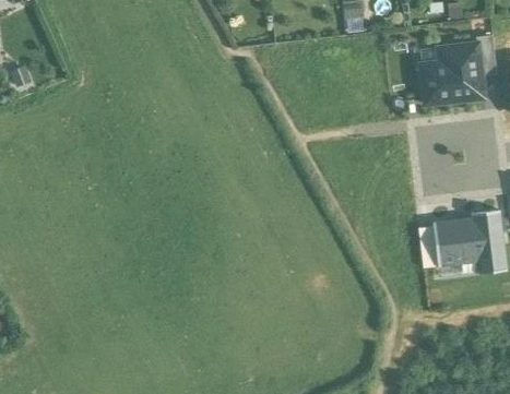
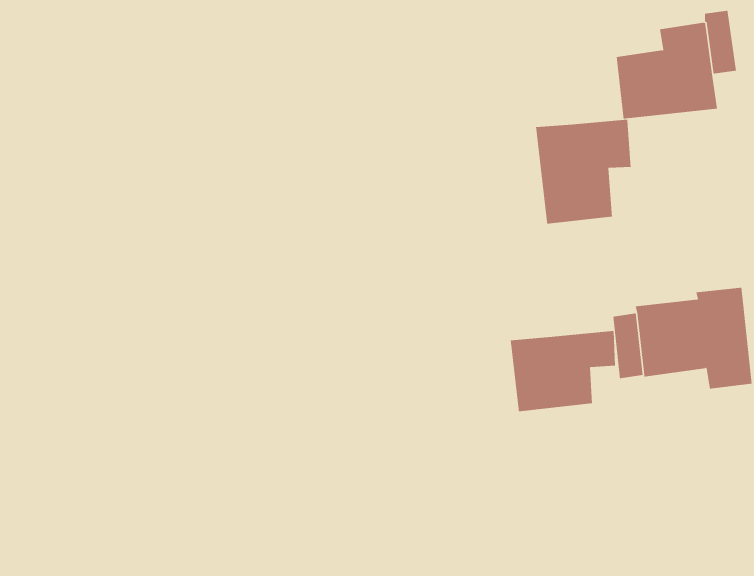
building: none -> [536,119,631,225]
building: none -> [510,330,616,412]

